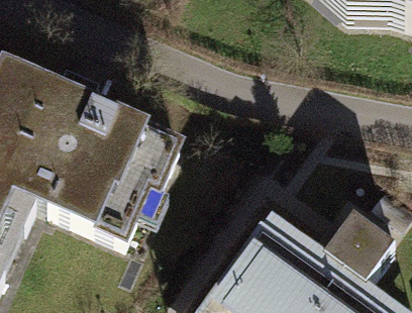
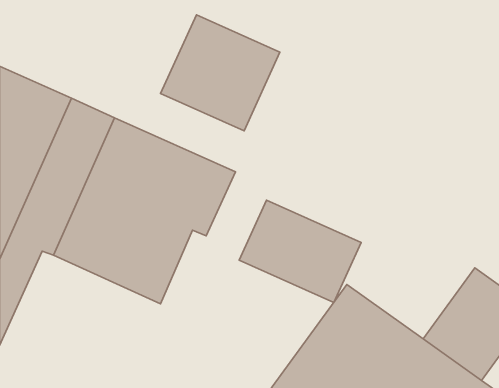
building: none -> [161,15,280,131]
building: none -> [239,200,361,302]

